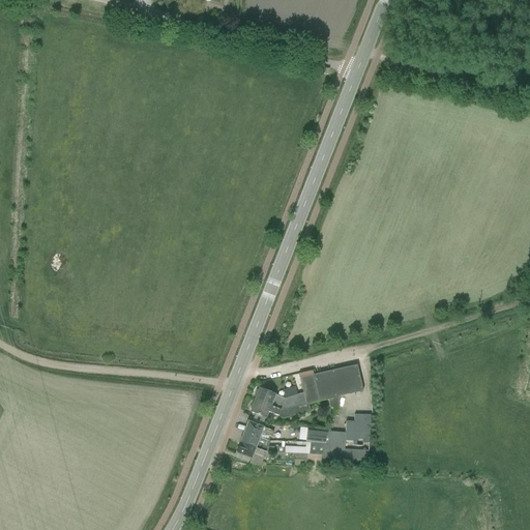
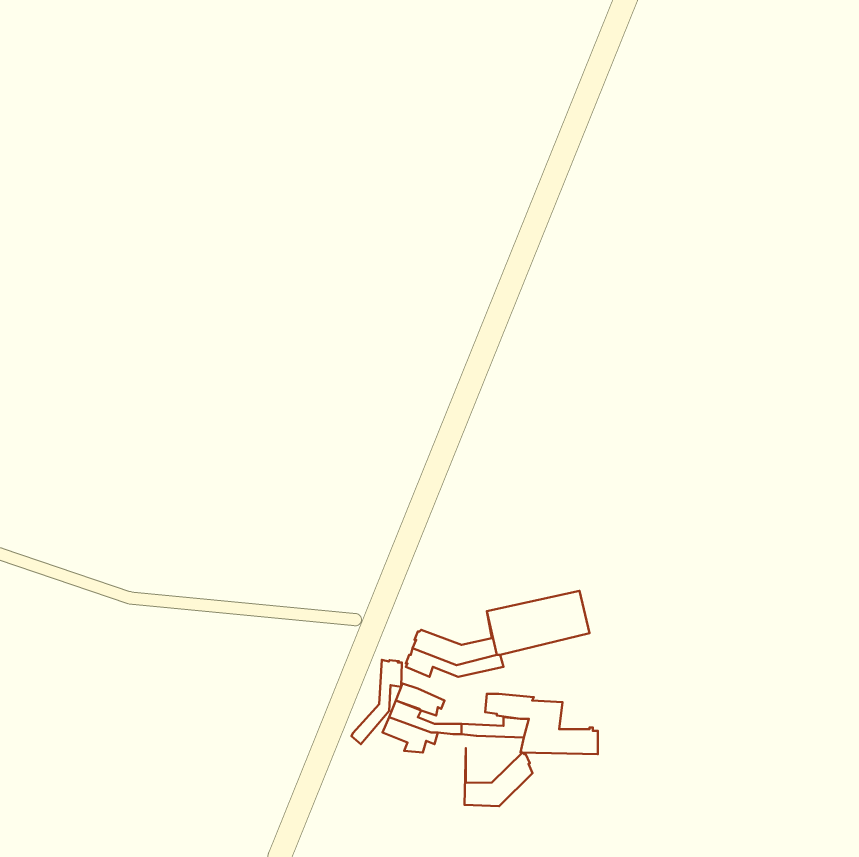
building: none -> [351,660,402,744]
building: [353,413,371,444] -> none
building: none -> [464,748,532,806]

